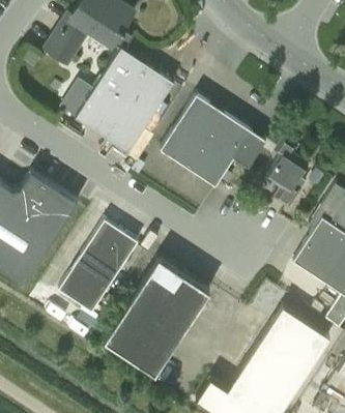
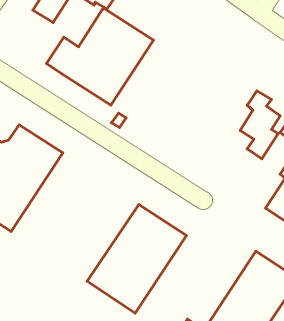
building: [161,94,266,184] -> none
building: [58,220,139,313] -> none

